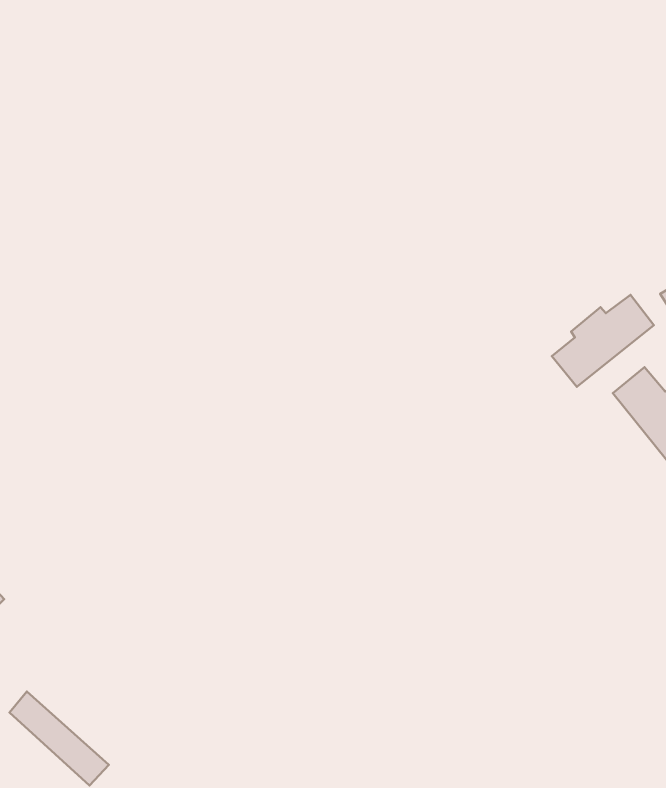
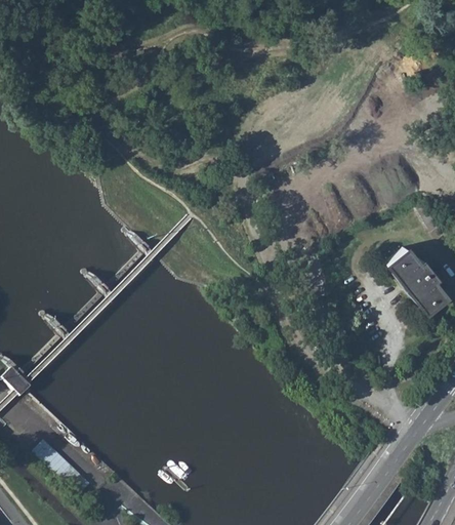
building: [552,295,654,387] -> none

